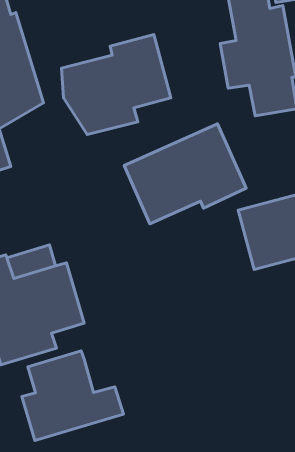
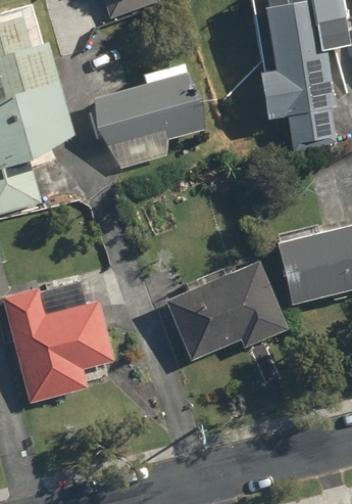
building: [124,124,246,224] -> [164,260,290,363]
building: [22,351,123,441] -> none

